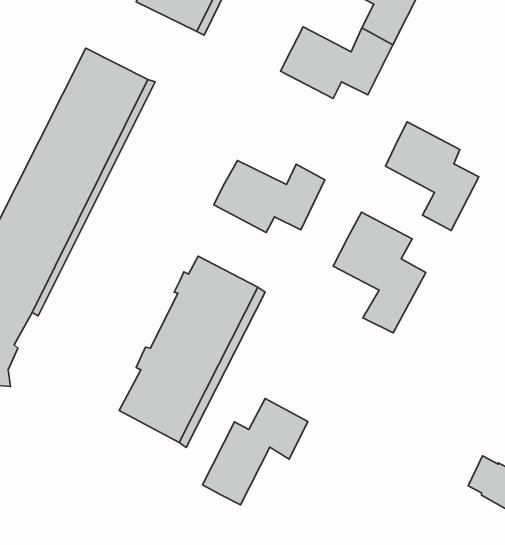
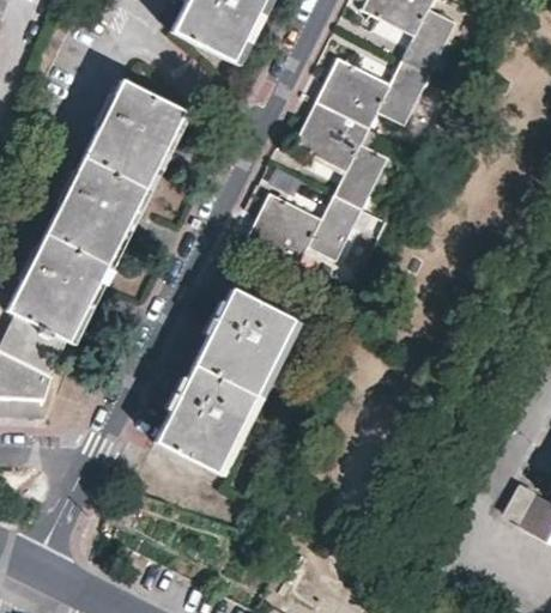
building: [386,122,479,231] -> [296,101,389,210]
building: [333,212,426,333] -> none
building: [203,399,308,505] -> none

